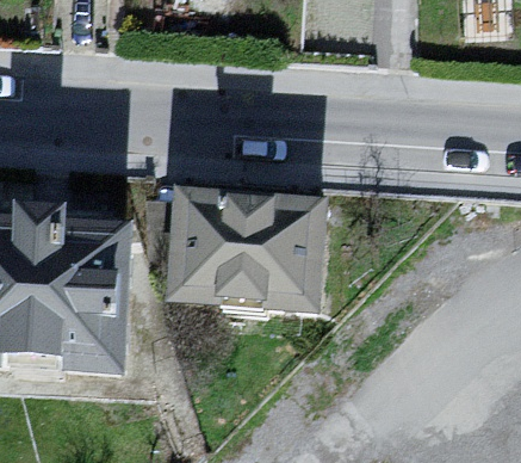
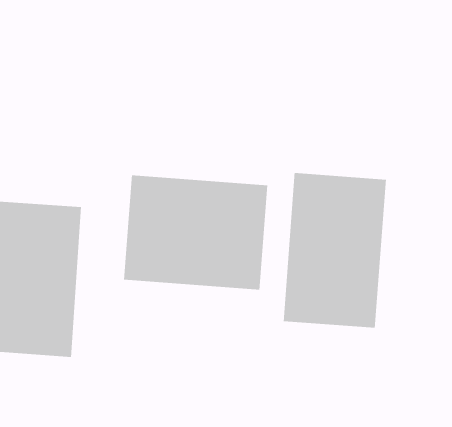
building: none -> [283,172,386,329]

